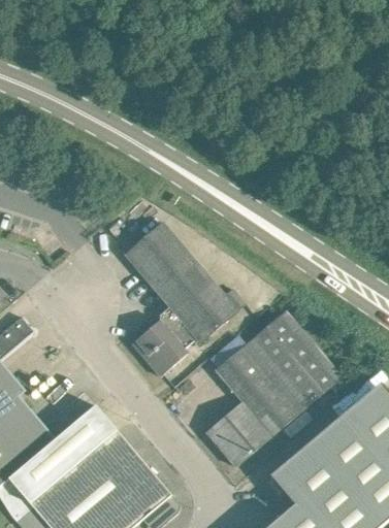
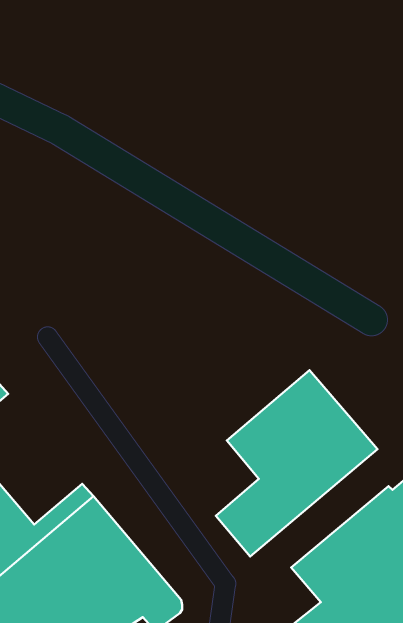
building: [125,222,245,376] -> none

